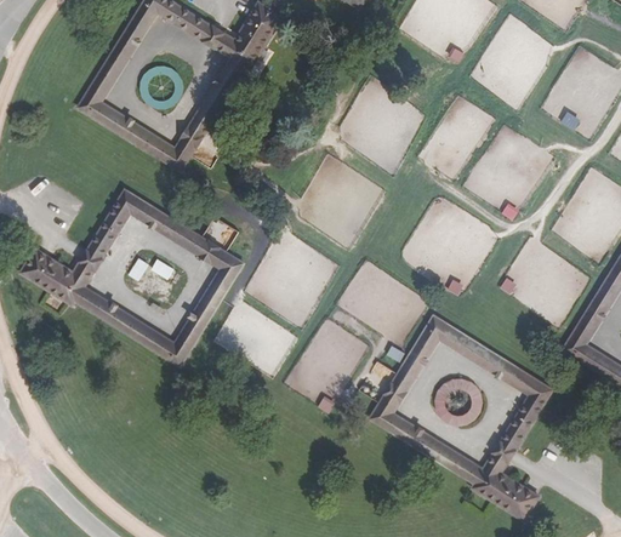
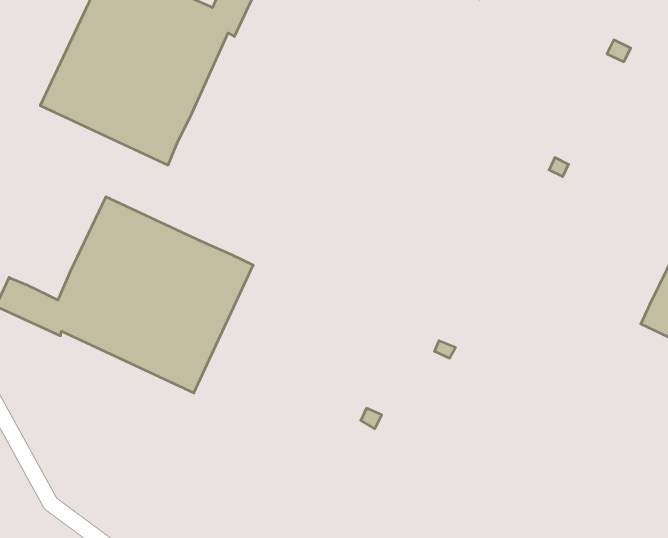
building: [371,315,551,516] -> none

